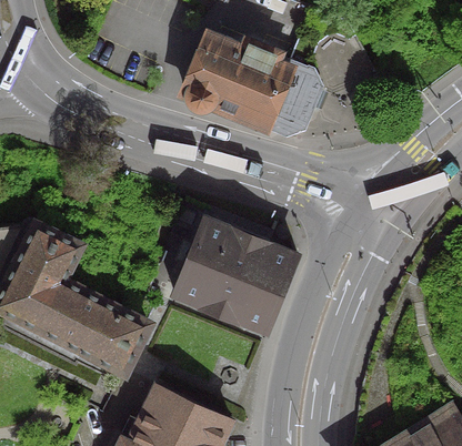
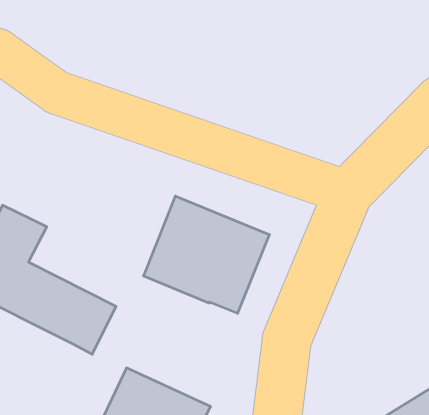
building: [185,37,325,138] -> none

